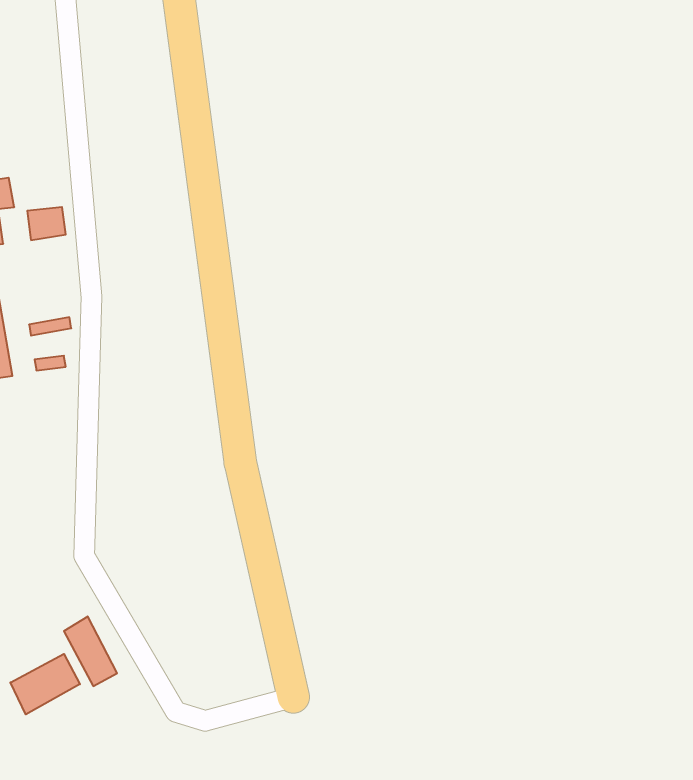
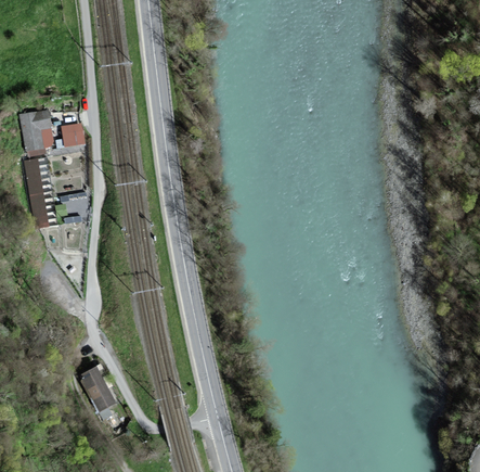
building: [10,654,80,714] -> none

